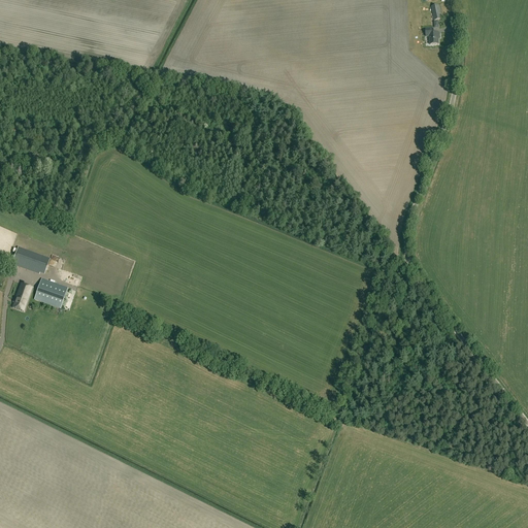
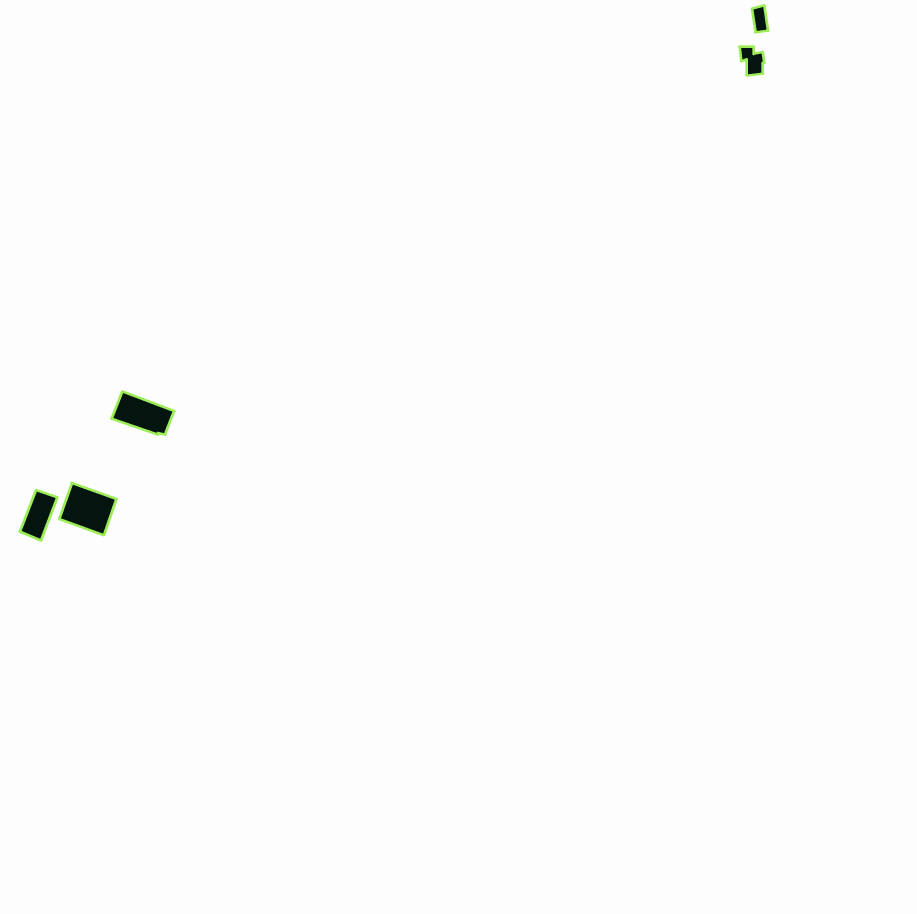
building: [12,246,48,271] -> [111,392,174,435]

